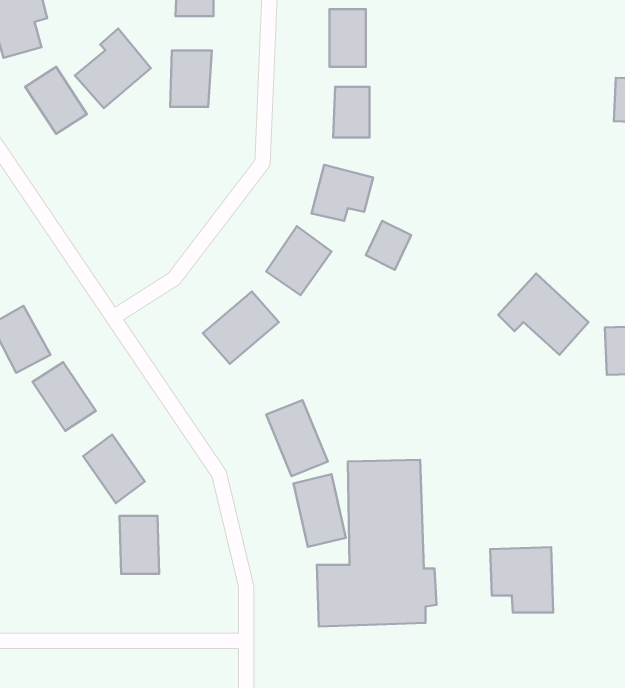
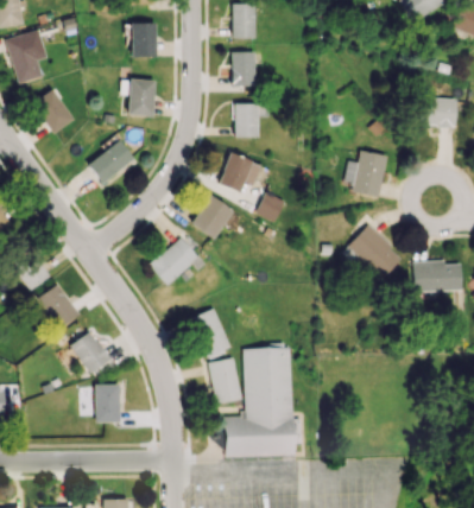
building: [75,28,151,108] -> [88,135,138,188]
building: none -> [345,151,386,197]
building: [490,547,553,613] -> none

